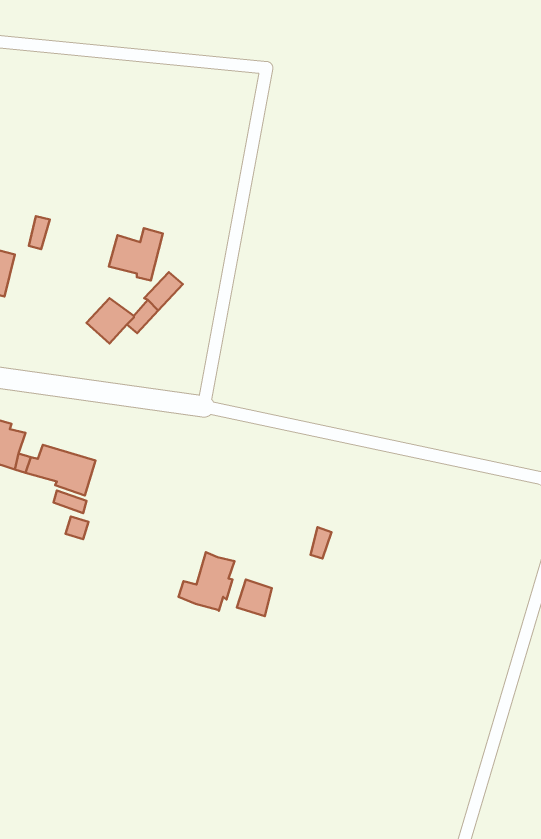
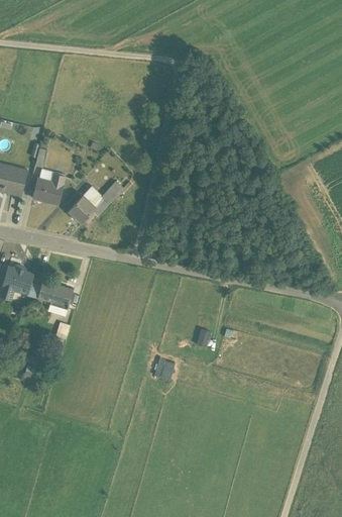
building: [109,228,163,281] -> [33,174,65,204]
building: [178,552,235,611] -> none

